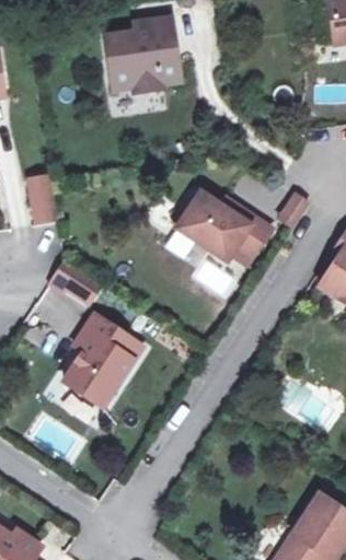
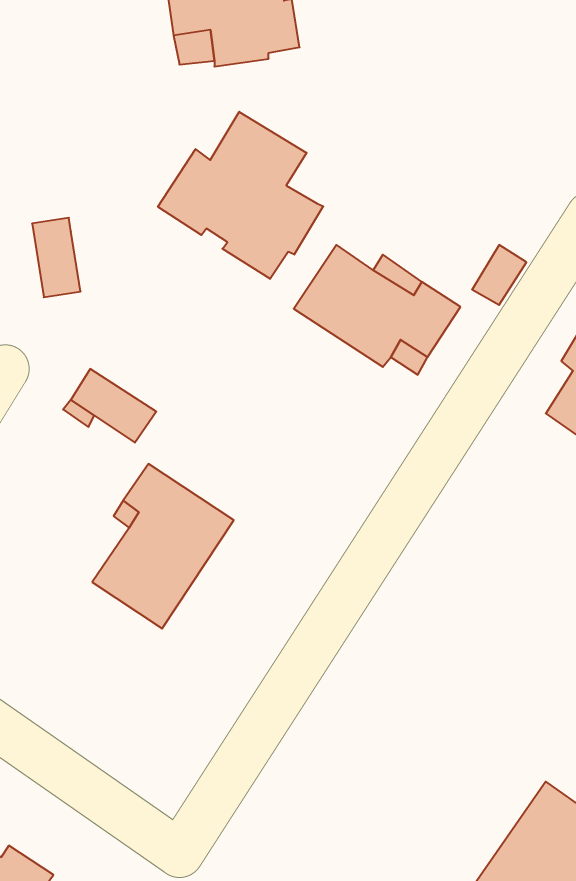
building: none -> [158,112,323,279]

